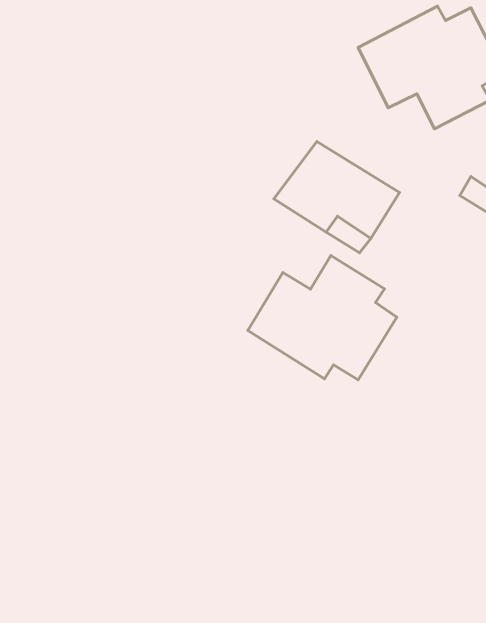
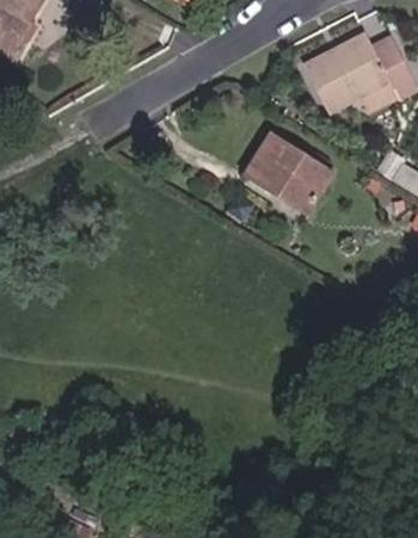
building: [248,256,397,380] -> none

